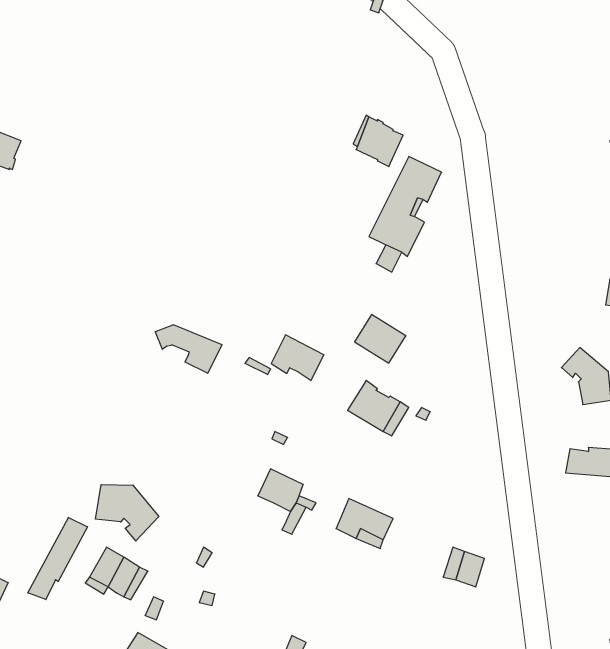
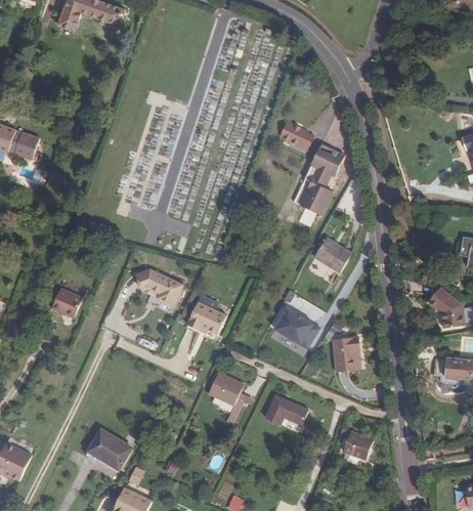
building: [355,315,406,363] -> [314,238,351,272]
building: [271,335,324,381] -> [187,302,225,335]
building: none -> [50,286,82,315]
building: none -> [333,336,360,371]
building: [96,485,159,541] -> none
building: [28,517,88,600] -> none

